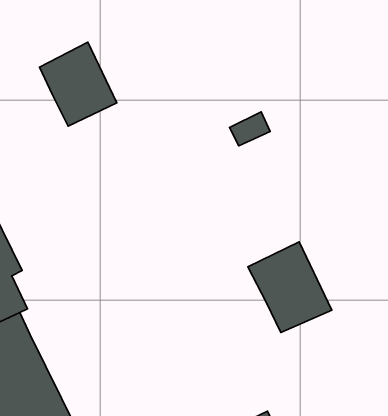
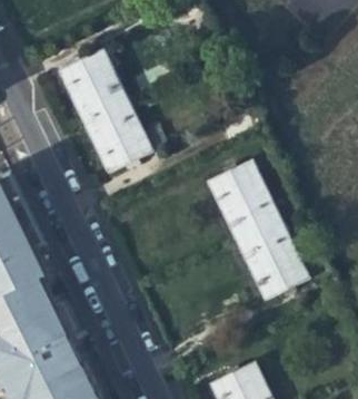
building: none -> [84,101,151,173]
building: none -> [208,160,280,241]

